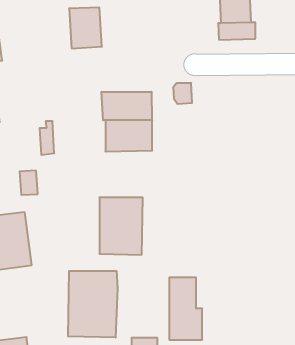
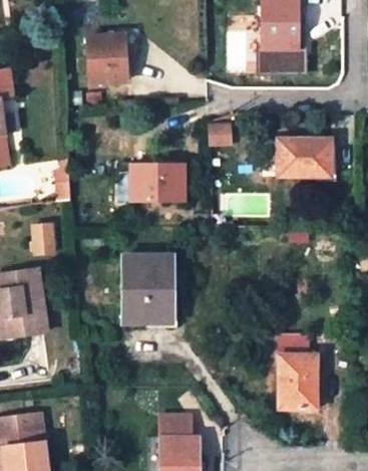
building: [102,92,152,120] -> none
building: none -> [280,139,333,177]
building: [68,271,117,338] -> none
building: [169,277,202,340] -> [280,335,318,408]

